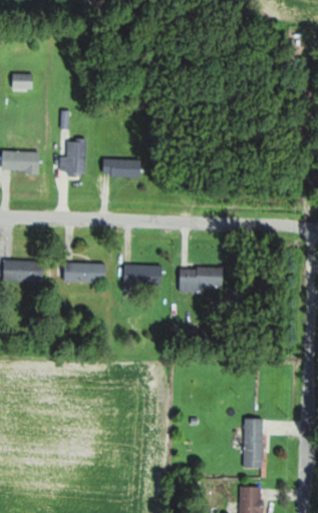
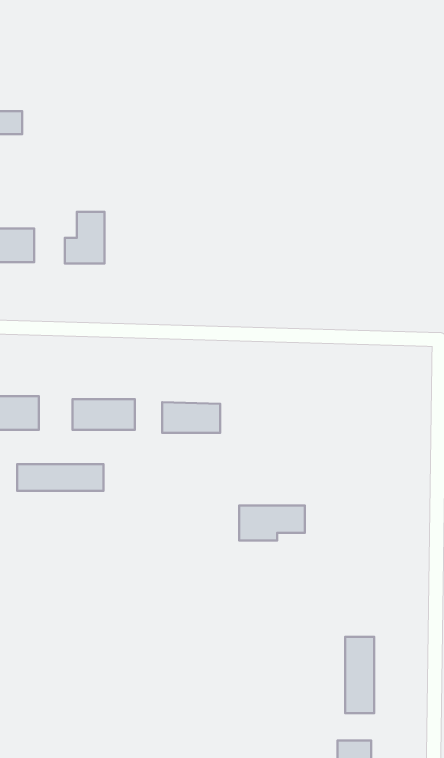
building: [103,157,141,177] -> none
building: [180,269,223,292] -> [239,506,305,541]
building: none -> [17,464,104,491]

